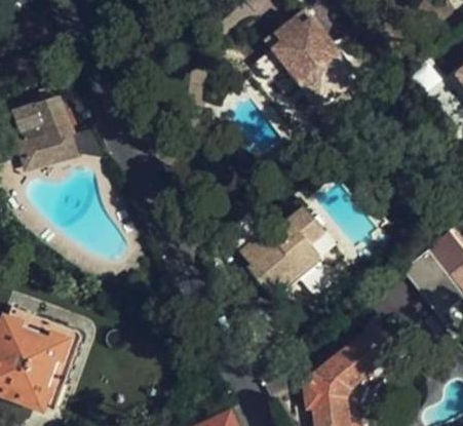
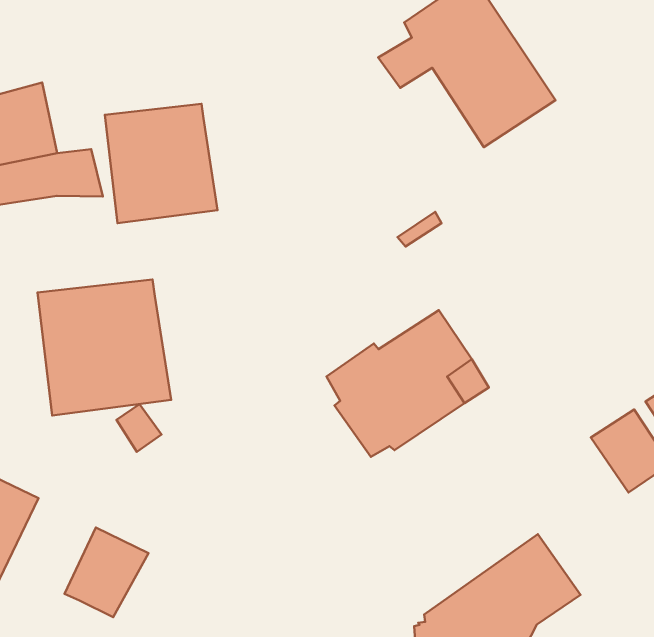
building: none -> [105,104,218,223]
building: none -> [38,279,171,415]
building: none -> [65,528,149,617]

